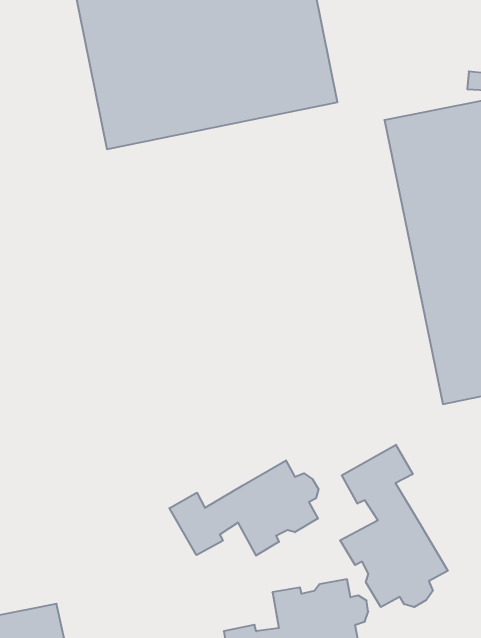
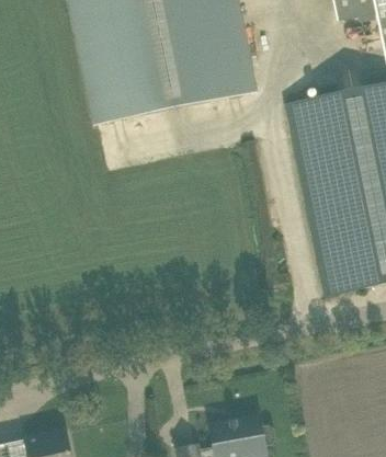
building: [340,445,448,607] -> none
building: [169,460,318,556] -> none

